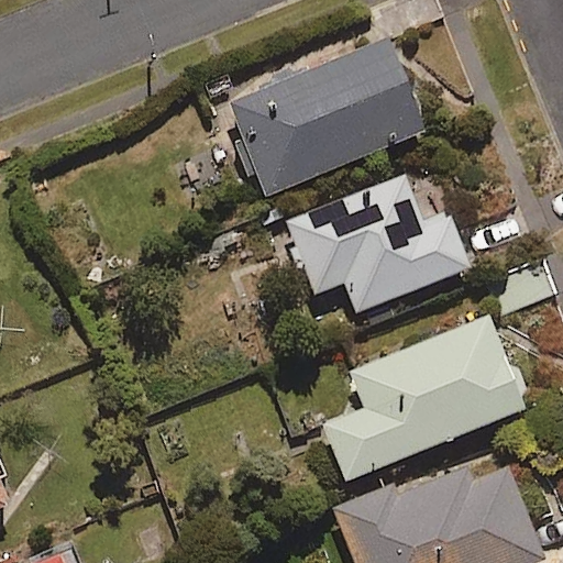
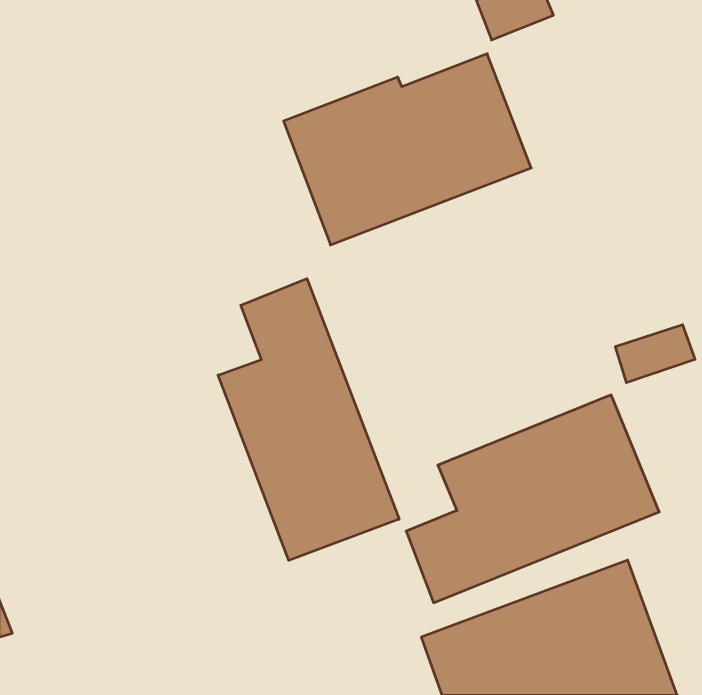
building: [279,175,471,312] -> none
building: none -> [218,279,399,560]

